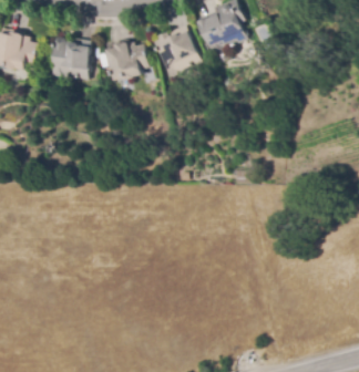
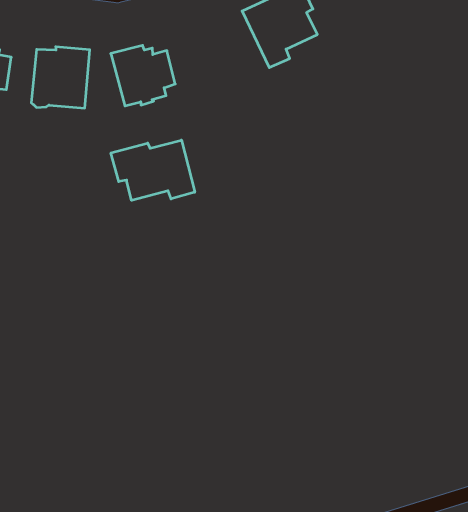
building: [152,24,201,76] -> none
building: none -> [111,140,195,200]

